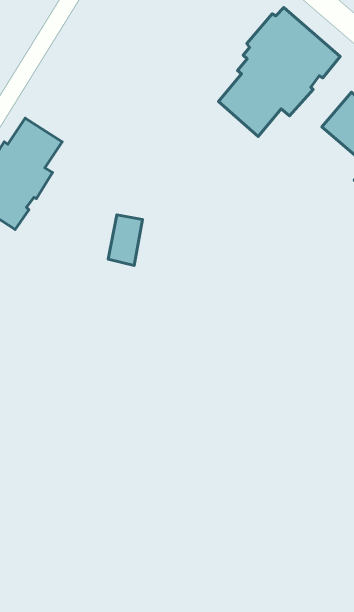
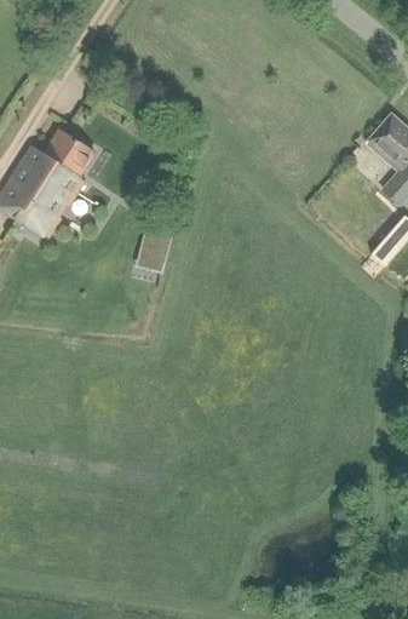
building: [218,8,340,136] -> none

